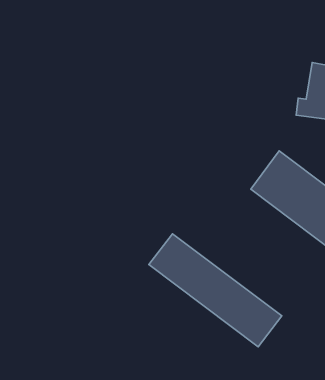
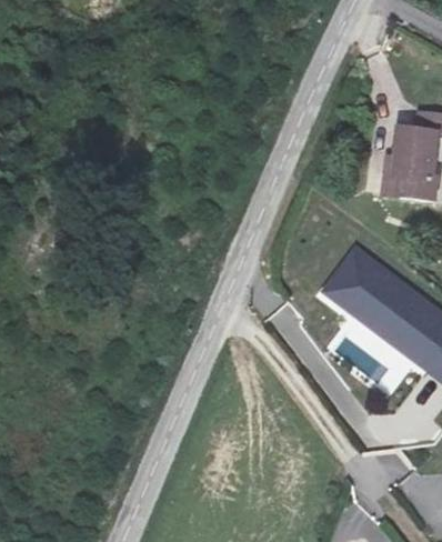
building: [149,234,282,347] -> none

